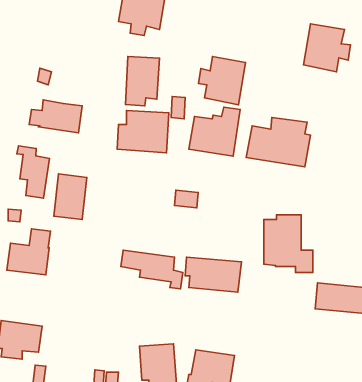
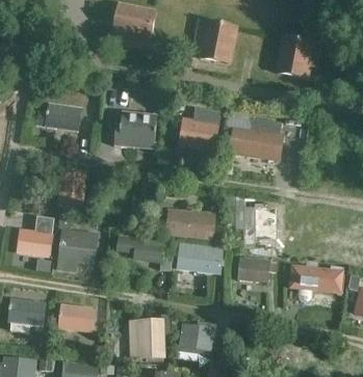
building: [126,56,159,106] -> none
building: [198,57,245,105] -> [195,20,236,62]
building: [17,146,50,198] -> none
building: none -> [164,208,214,238]
building: none -> [58,216,95,261]
building: none -> [236,257,269,281]
building: none -> [57,303,95,331]

